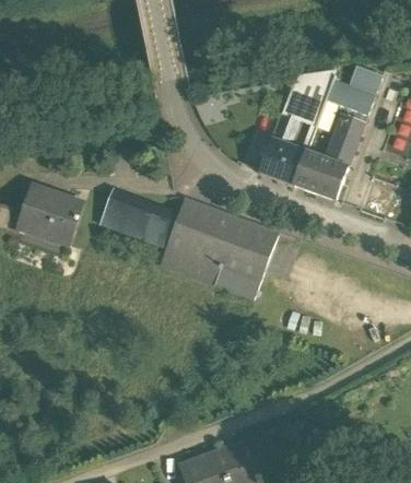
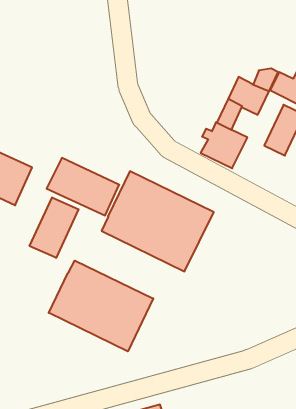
building: [293,151,348,200] -> none
building: none -> [30,197,79,258]
building: none -> [49,261,153,351]

